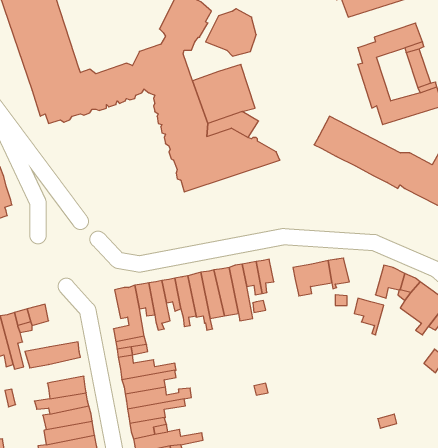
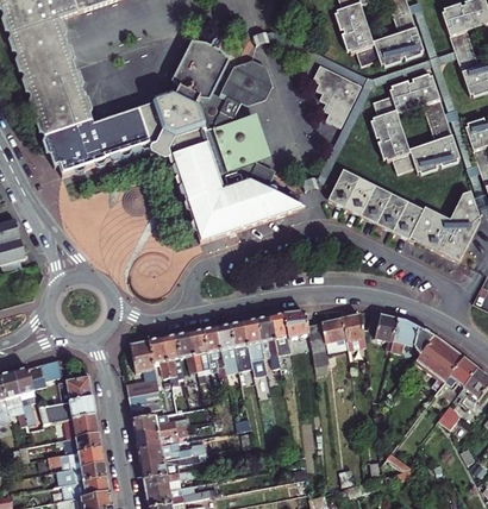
building: none -> [314,65,362,127]
building: none -> [198,94,242,133]
building: none -> [284,309,311,338]
building: [354,298,384,335] -> [370,312,400,348]
building: none -> [58,375,92,401]
building: none -> [62,411,98,436]

